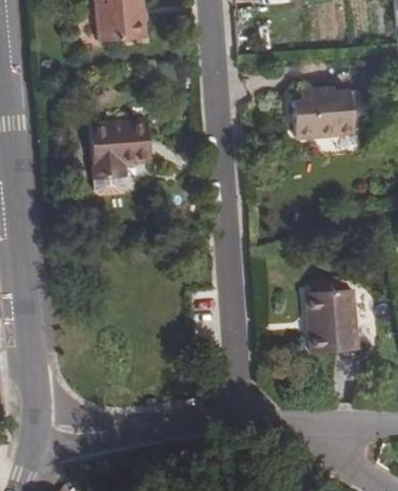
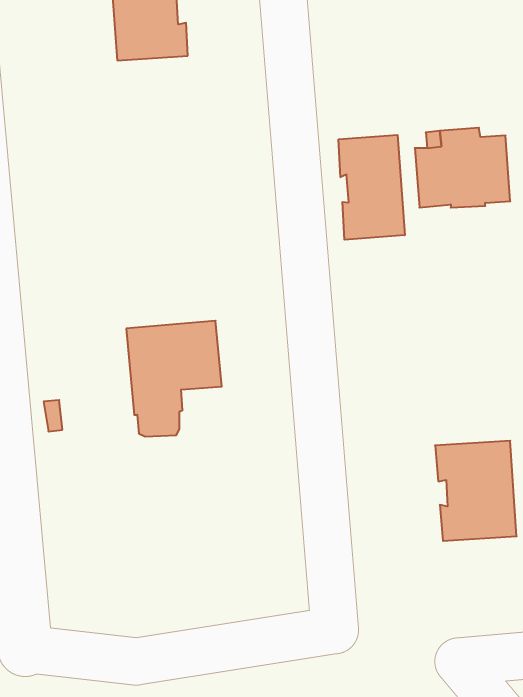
building: none -> [339,135,405,240]
building: [88,118,150,193] -> [126,321,222,437]

